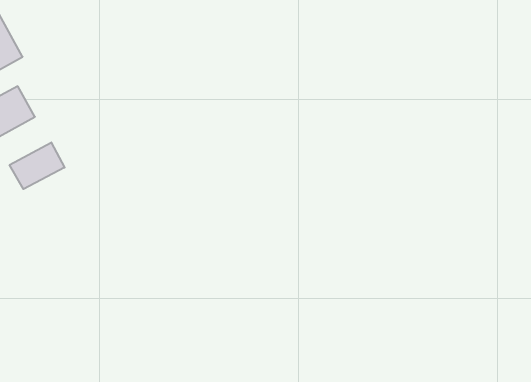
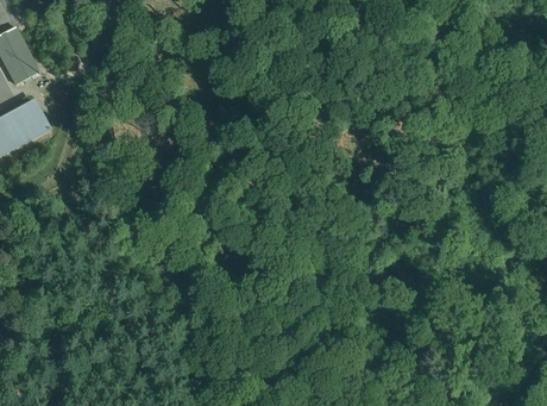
building: [10,142,65,189] -> none

